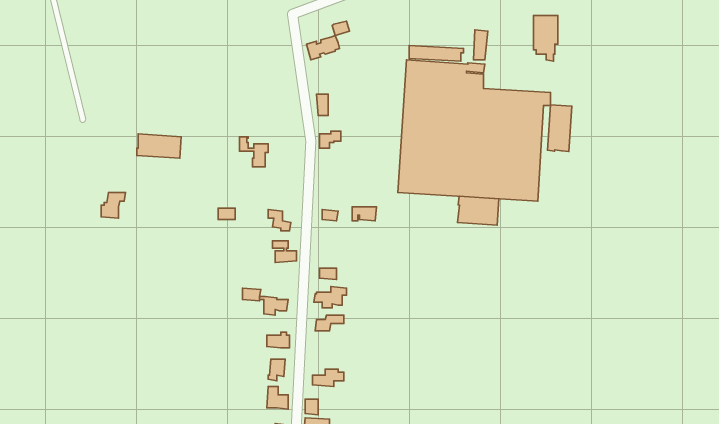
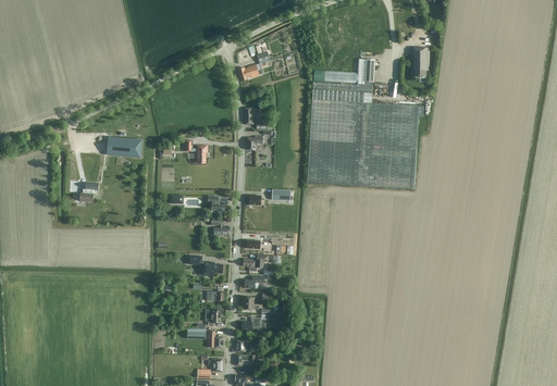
building: [548,105,572,152] -> none
building: [457,196,499,225] -> none

